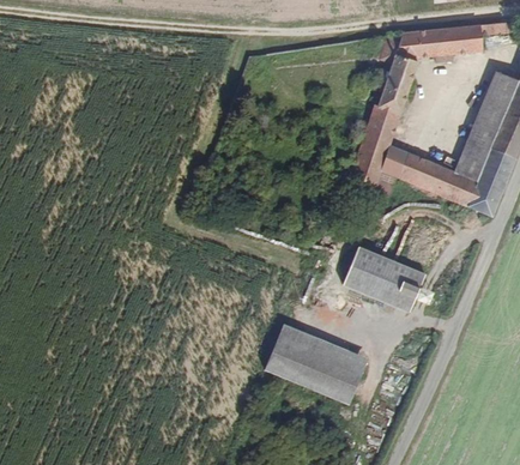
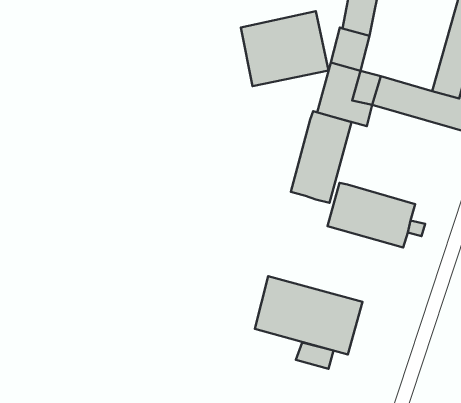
building: none -> [241,11,329,86]
building: none -> [291,111,352,203]
building: none -> [296,342,333,369]

